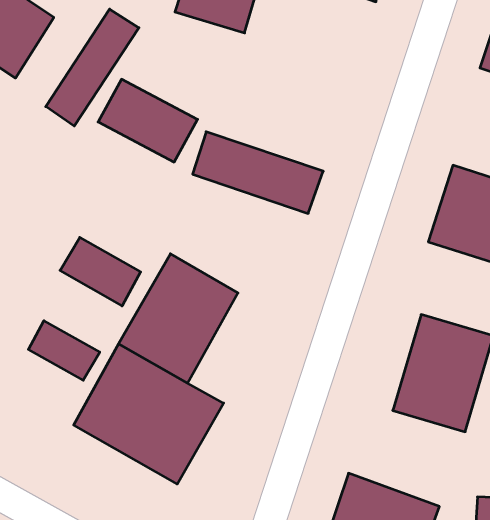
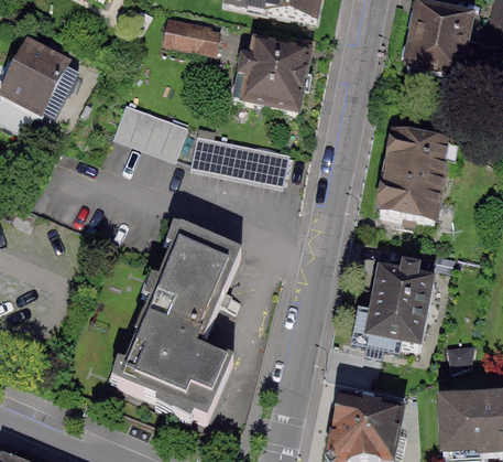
building: [46,9,139,126] -> none
building: none -> [241,33,317,111]
building: [60,237,141,306] -> none
building: [28,321,100,380] -> none

